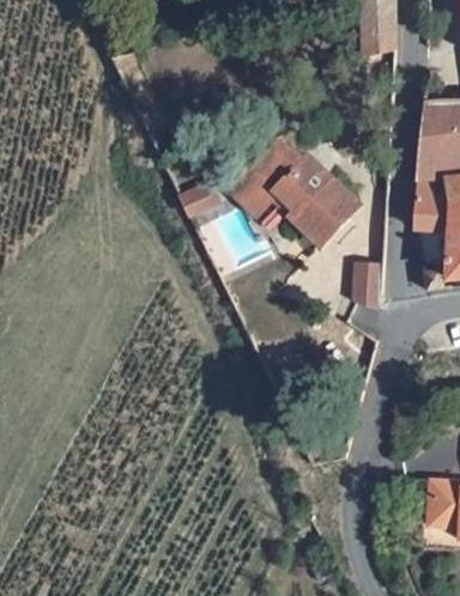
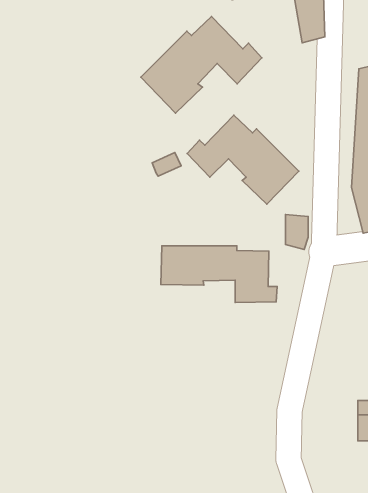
building: none -> [141,16,262,113]
building: none -> [161,246,277,302]

